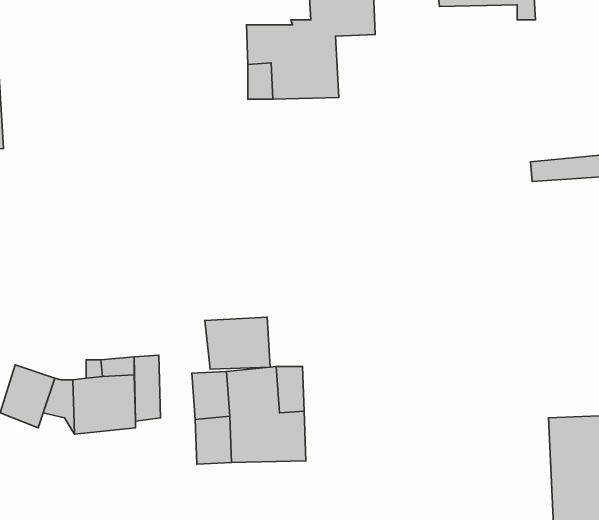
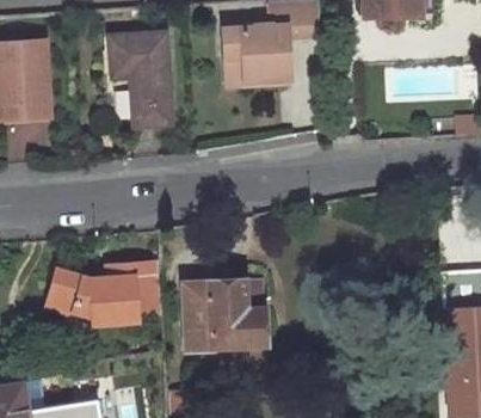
building: none -> [109,31,168,128]
building: [205,317,270,369] -> none

